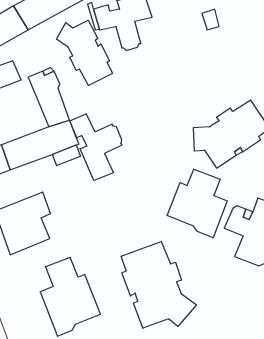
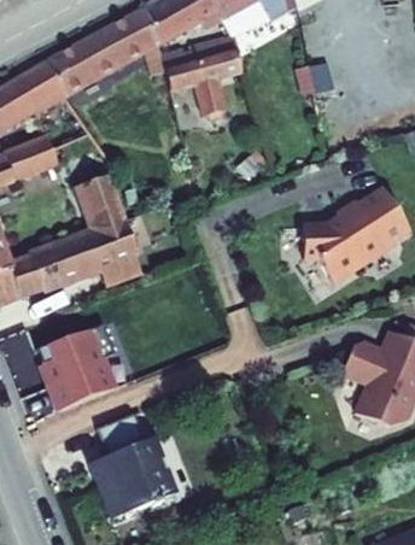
building: [57,20,112,85] -> none
building: [70,114,122,180] -> none
building: [167,169,227,238] -> none
building: [121,241,196,328] -> none

